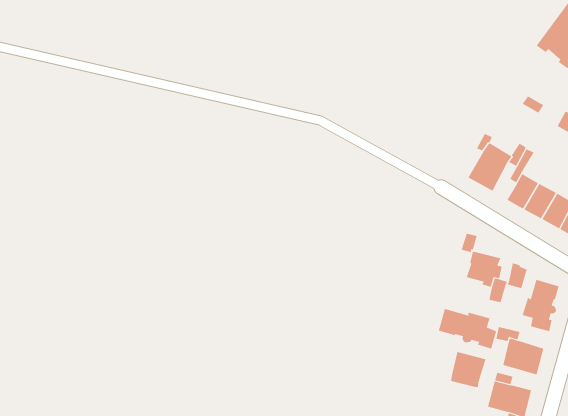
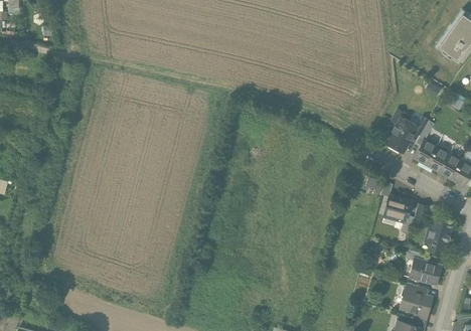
building: [438,308,497,350] -> none
building: [451,351,486,388] -> none

